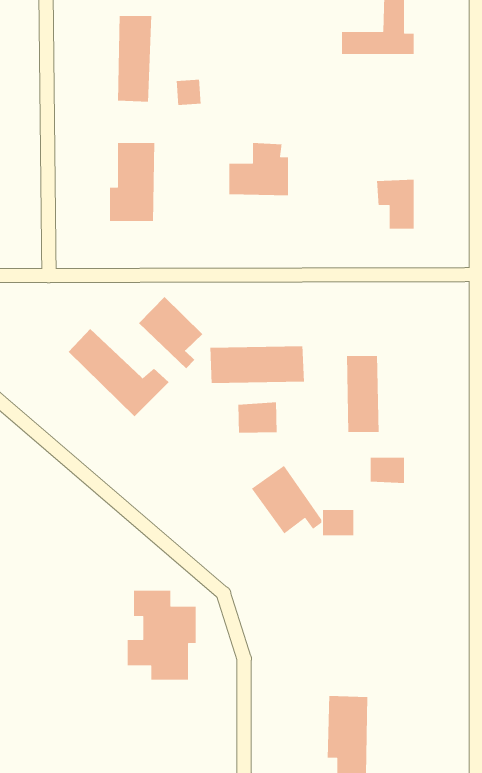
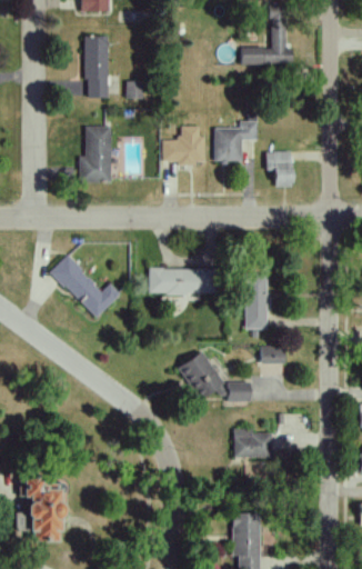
building: none -> [214,121,258,162]
building: [138,296,203,369] -> none
building: [238,402,277,434] -> none
building: none -> [233,430,272,458]
building: [127,590,197,680] -> [16,478,64,541]

